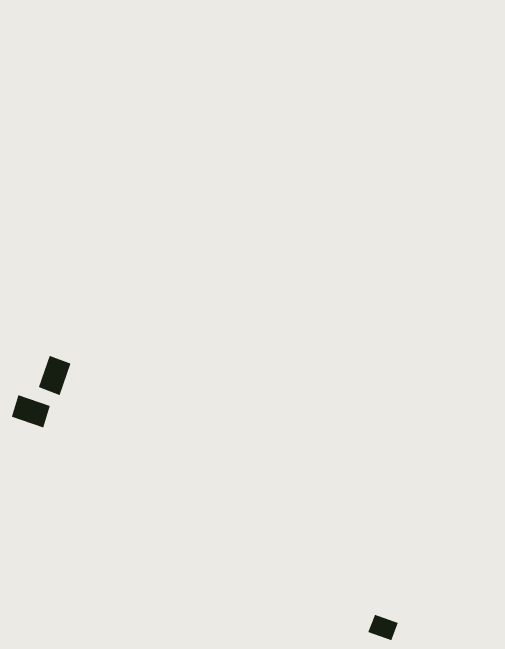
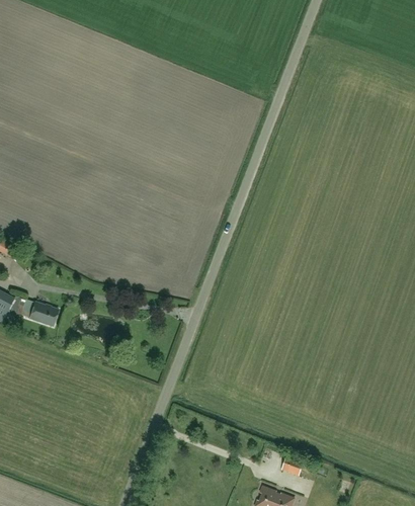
building: [38,355,71,396] -> none

